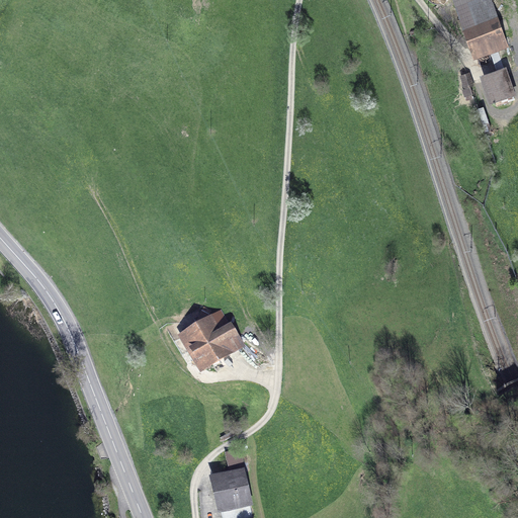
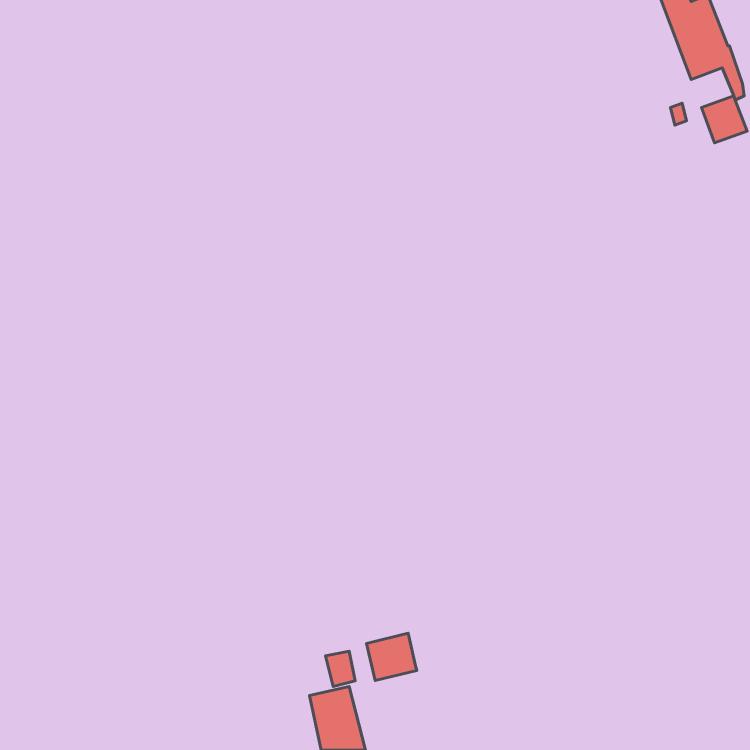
building: [178,319,240,366] -> none
building: none -> [366,633,417,681]

